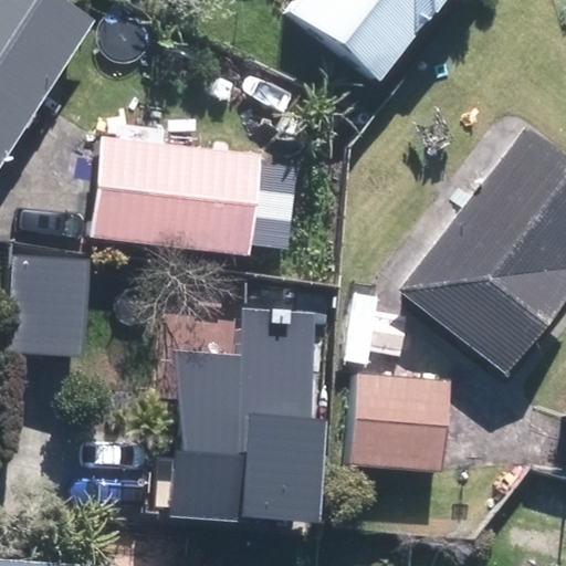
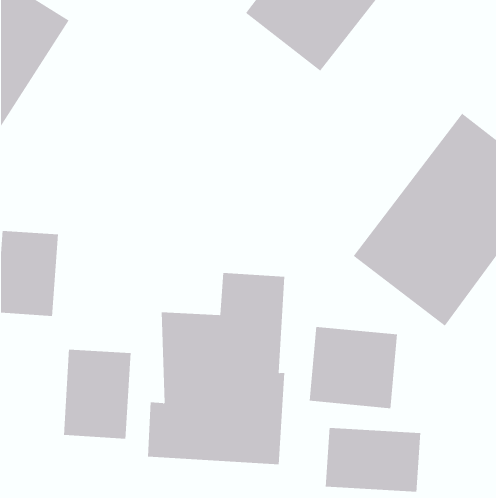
building: [87,140,252,256] -> none
building: none -> [63,349,131,439]
building: none -> [325,427,421,493]

